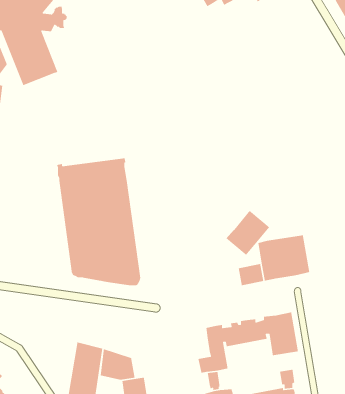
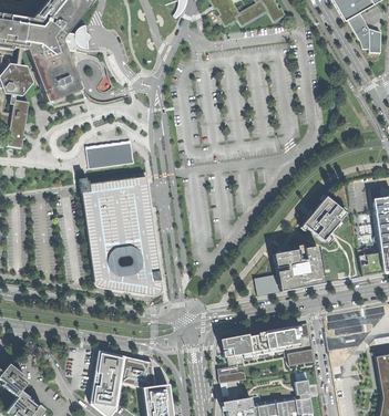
building: none -> [86,142,134,168]
building: [225,210,270,256] -> [303,196,346,240]

